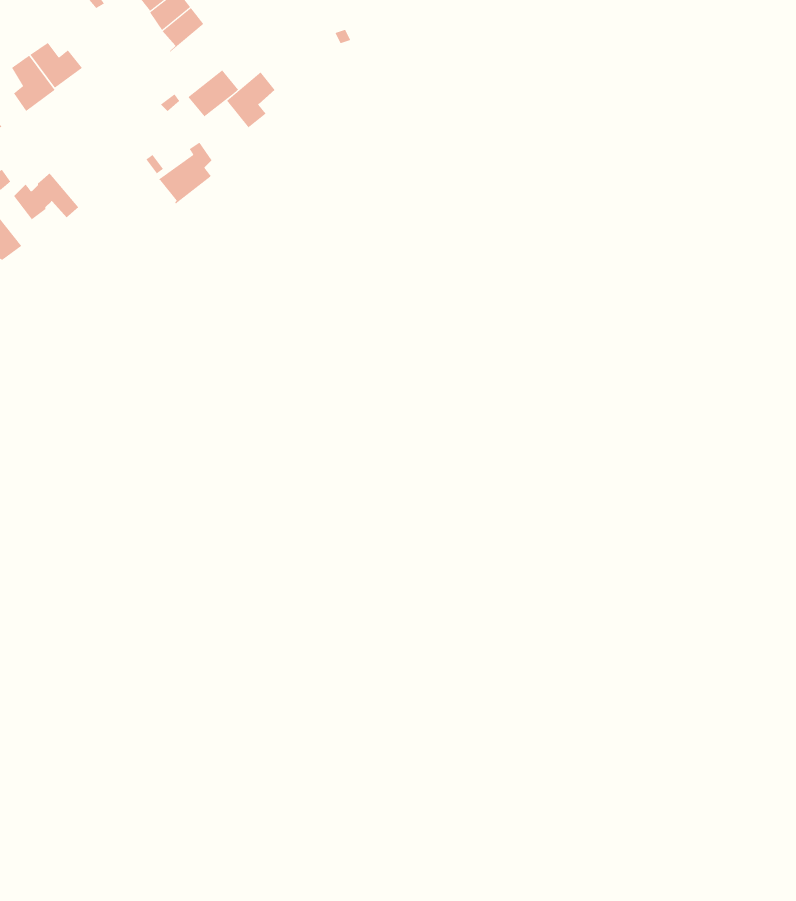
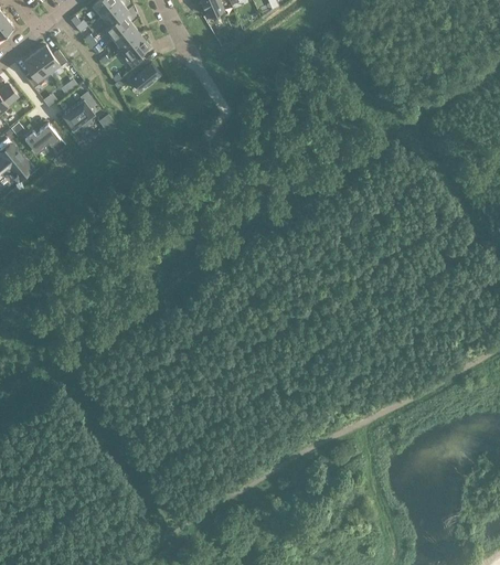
building: [226,71,276,128] -> [117,34,147,68]
building: [158,142,213,204] -> [60,92,93,129]

